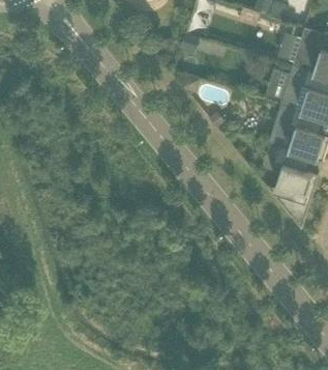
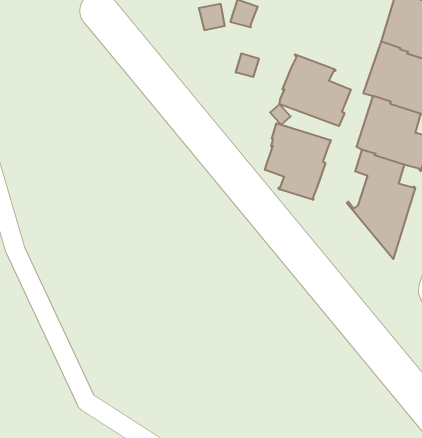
building: none -> [280,54,351,126]
building: none -> [265,123,331,200]

